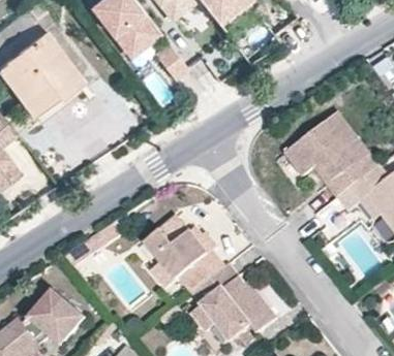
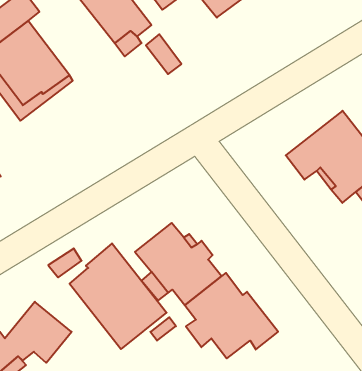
building: none -> [70,243,167,349]

